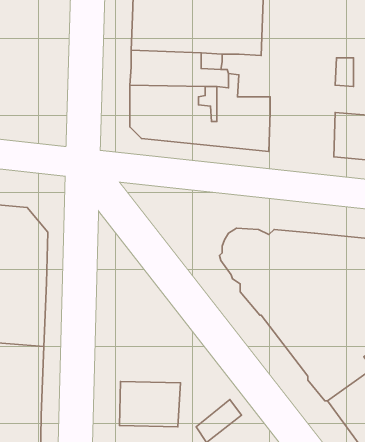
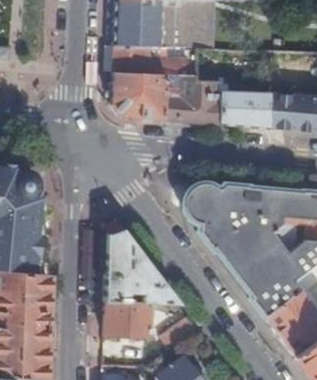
building: none -> [220,93,271,127]
building: none -> [105,229,180,303]

